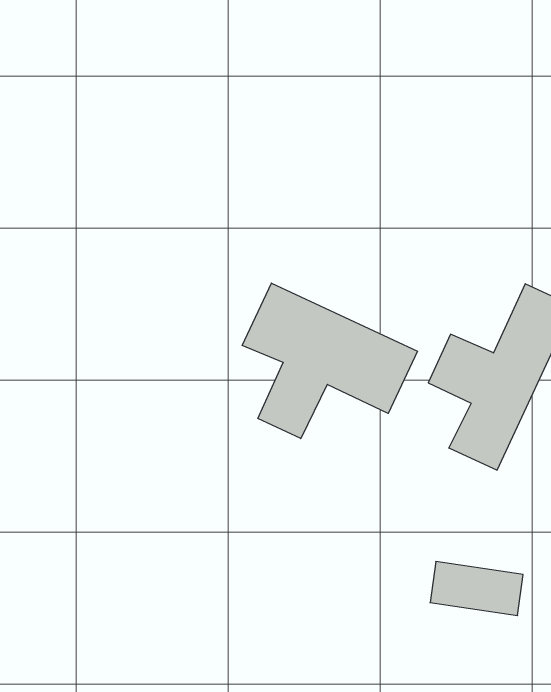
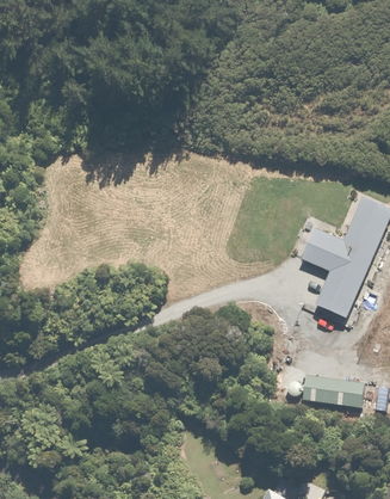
building: [242,283,417,439] -> none

